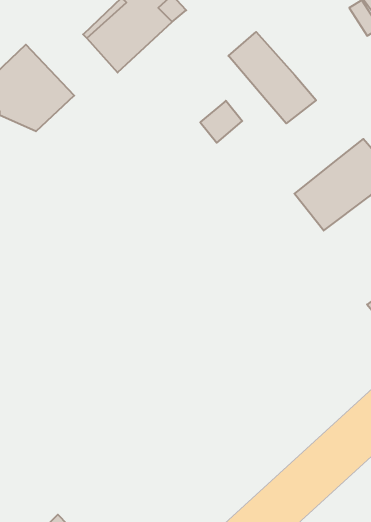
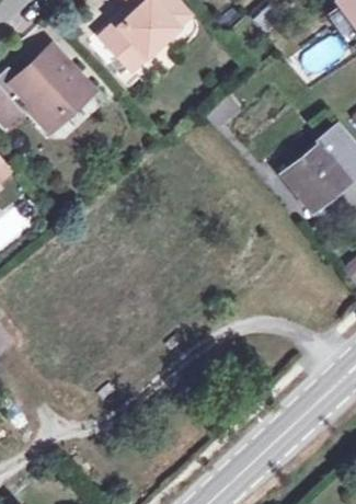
building: [228,32,316,123] -> none

